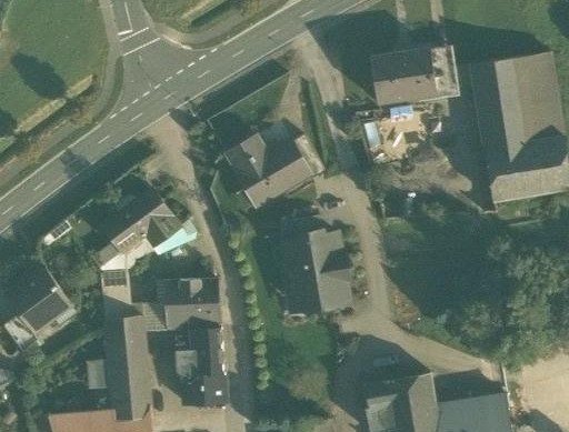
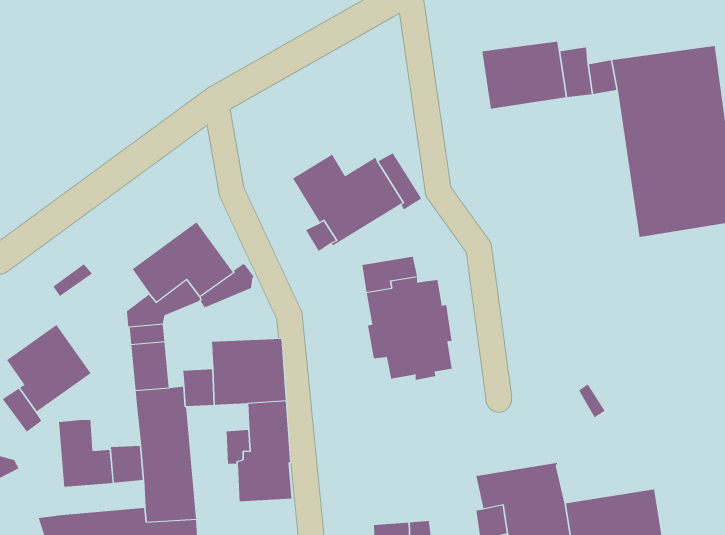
building: none -> [59,419,113,488]

